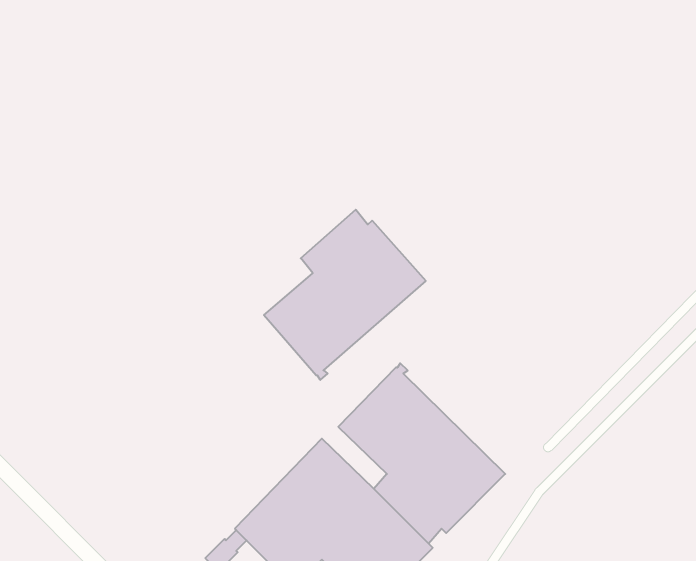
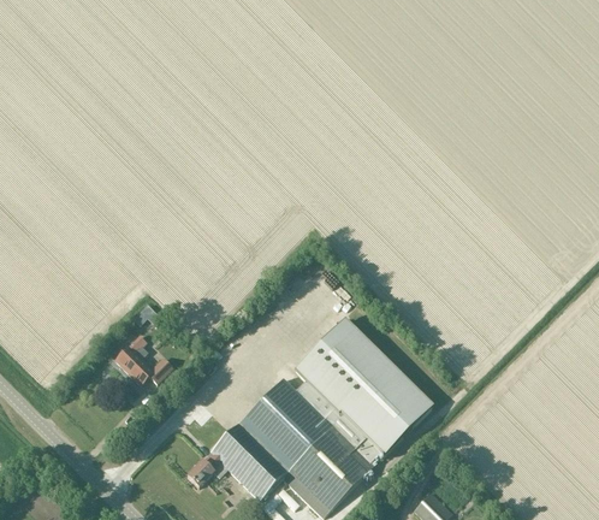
building: [264,210,426,380] -> none
building: none -> [115,333,173,383]

